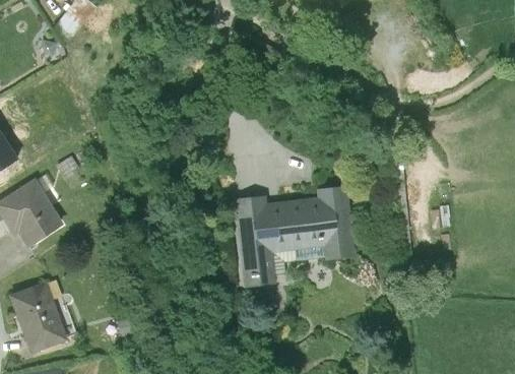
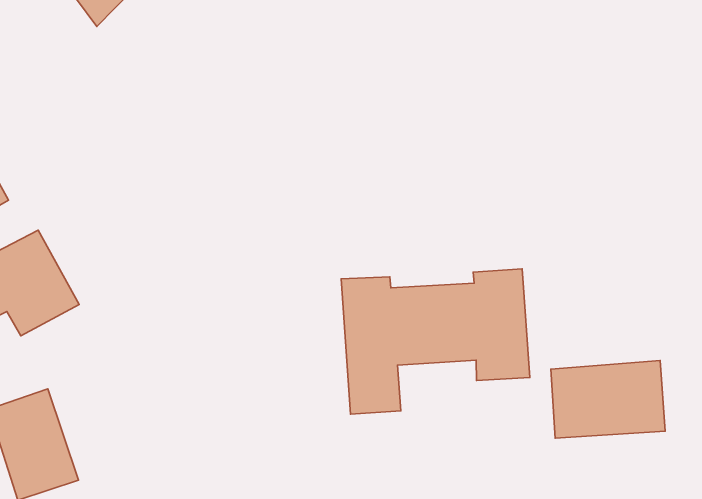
building: none -> [551,361,665,438]

